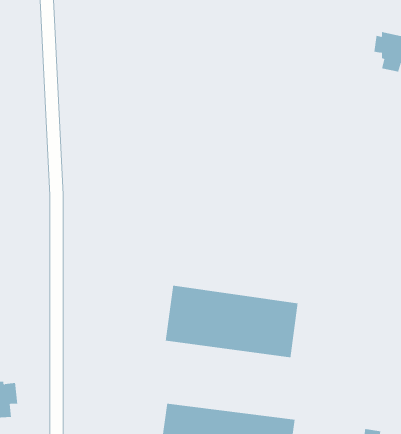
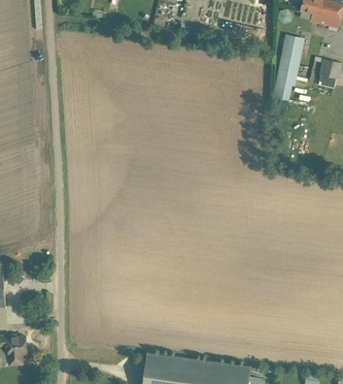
building: none -> [271,33,305,101]
building: [165,285,298,358] -> none

